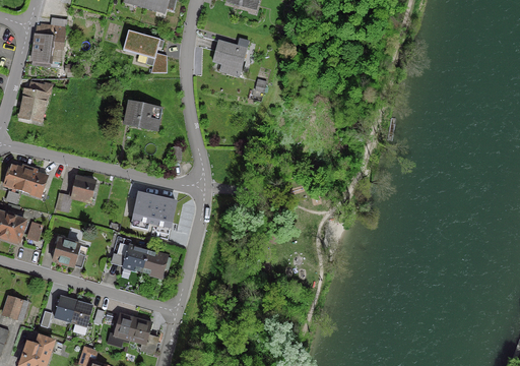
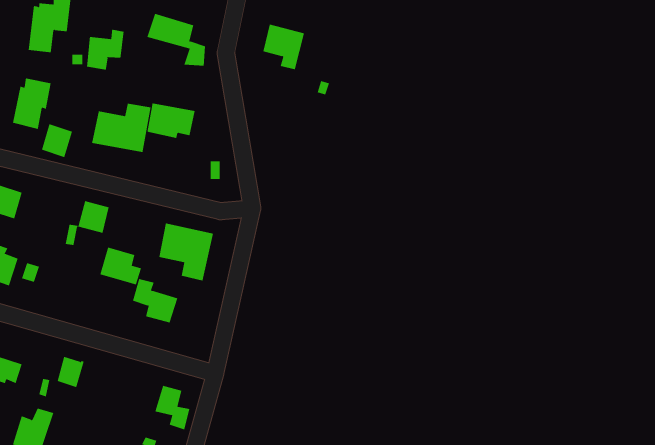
building: none -> [86,29,124,70]
building: none -> [92,103,151,153]
building: [22,170,47,196] -> [41,123,73,158]
building: [53,238,85,267] -> [100,247,142,285]
building: [142,251,168,277] -> none
building: [70,300,92,333] -> none
building: [114,313,136,339] -> none

